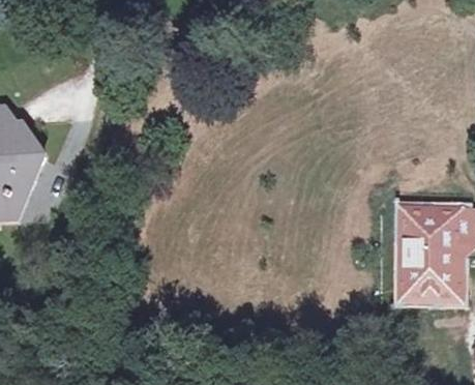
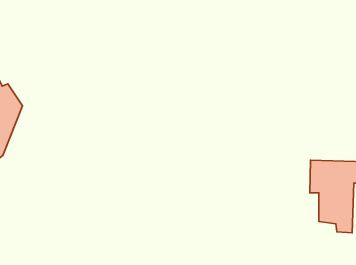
building: [402,253,437,302] -> none

